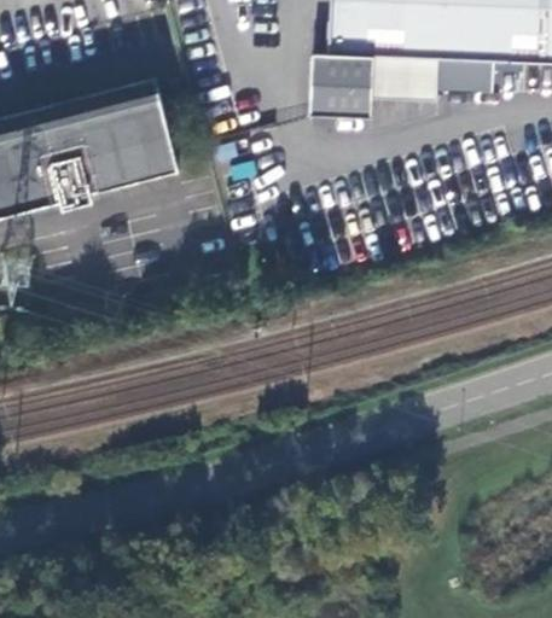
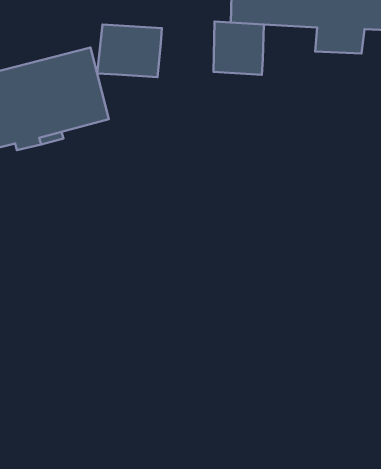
building: [368,51,436,98] -> none
building: none -> [97,25,162,77]

